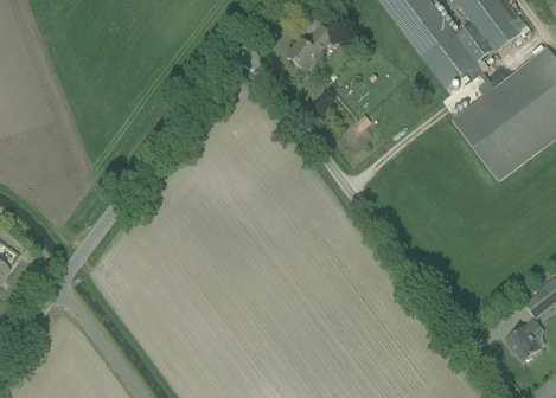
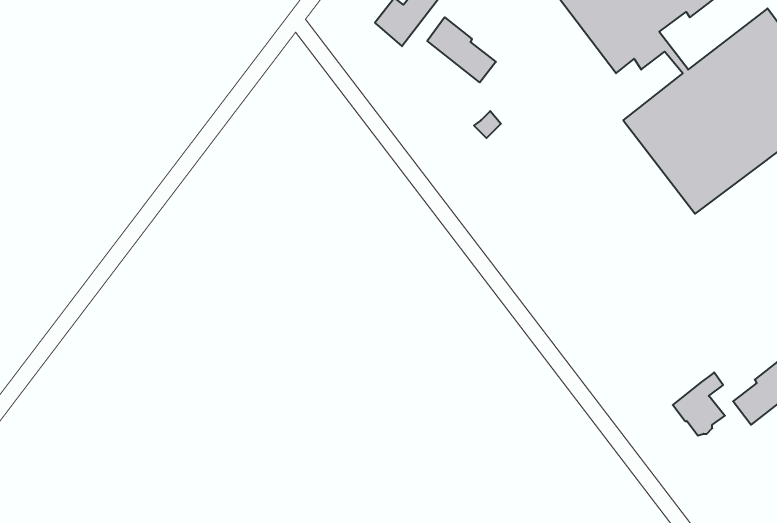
building: none -> [427,17,496,82]
building: [506,319,541,360] -> [673,372,725,436]

